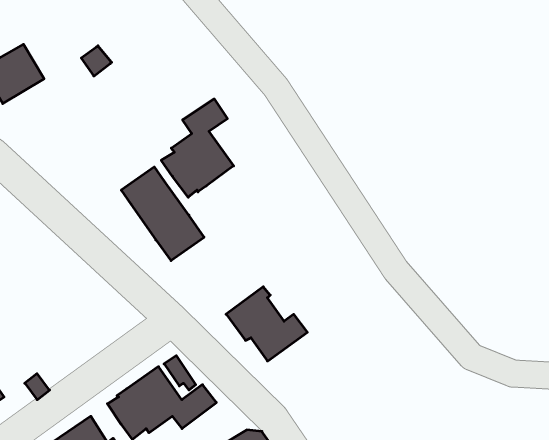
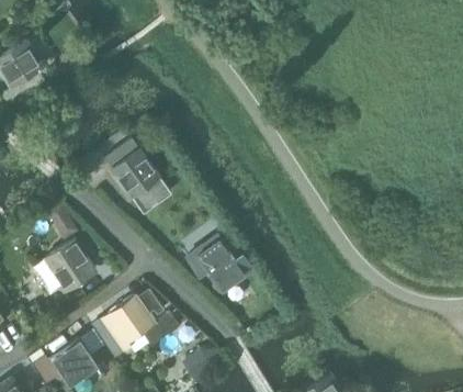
building: [161,99,234,197] -> none
building: none -> [32,236,98,295]

